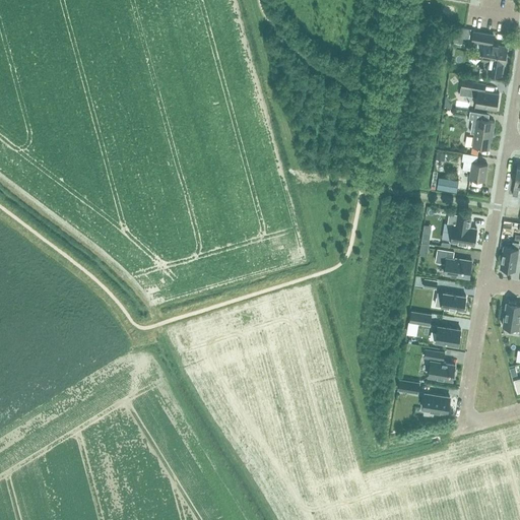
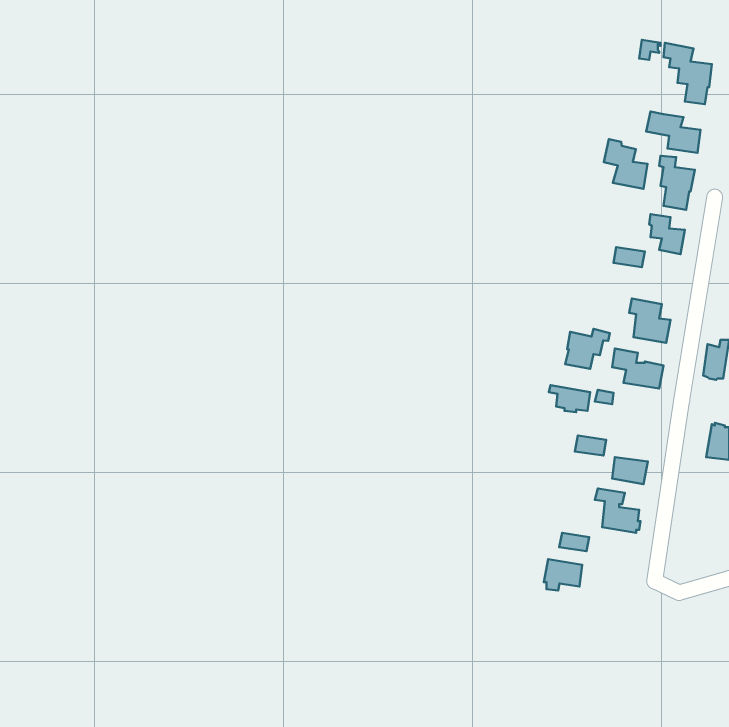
building: none -> [604,139,648,189]
building: none -> [565,329,610,369]
building: [437,292,466,312] -> [549,385,590,412]
building: [422,394,450,416] -> [544,559,582,591]

